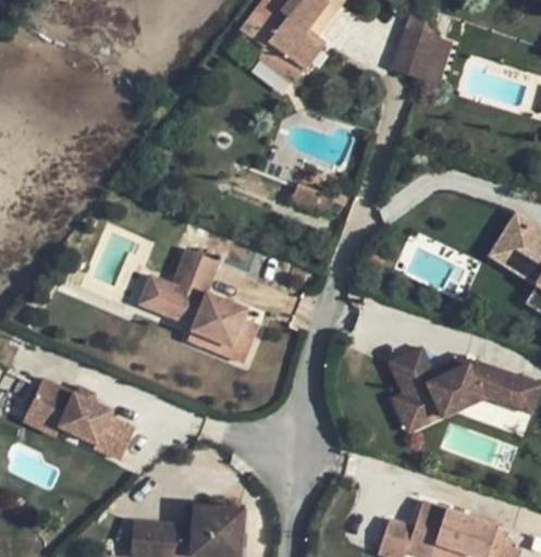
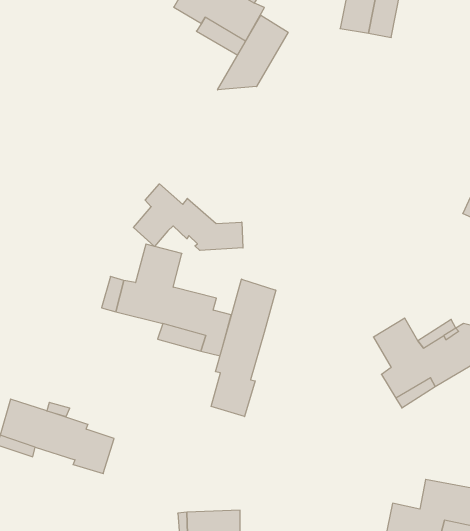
building: none -> [218,15,288,90]
building: none -> [133,184,243,250]
building: none -> [211,279,276,417]

